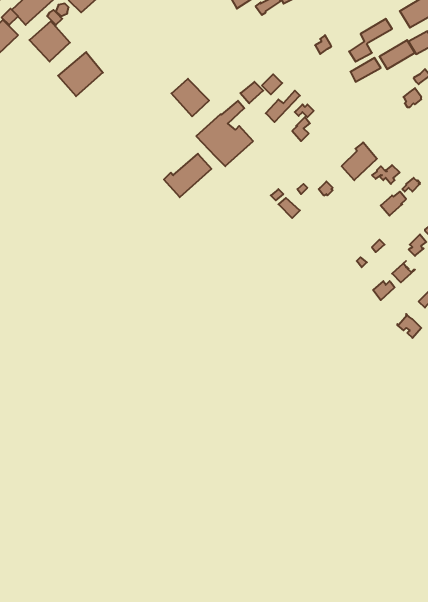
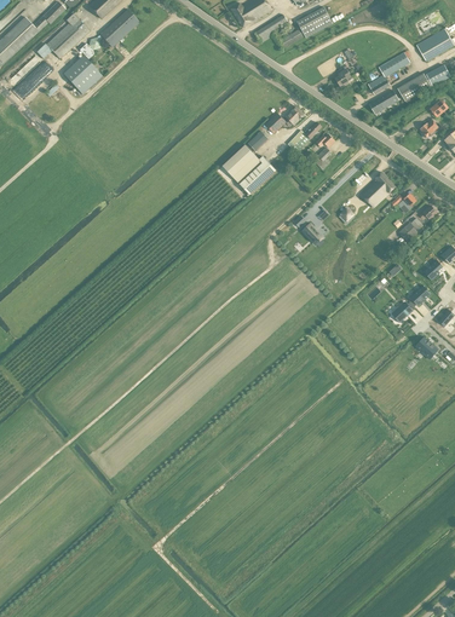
building: [58,52,103,96] -> none
building: [171,79,209,116] -> none
building: [164,154,211,197] -> none

